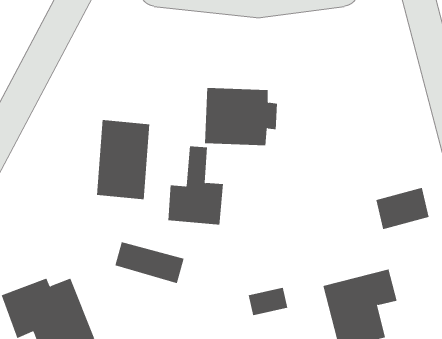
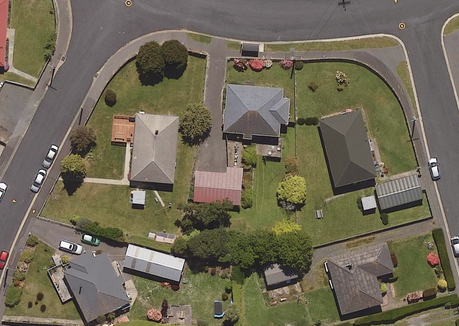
building: none -> [320,110,376,186]
building: [114,241,185,284] -> [122,244,183,281]

